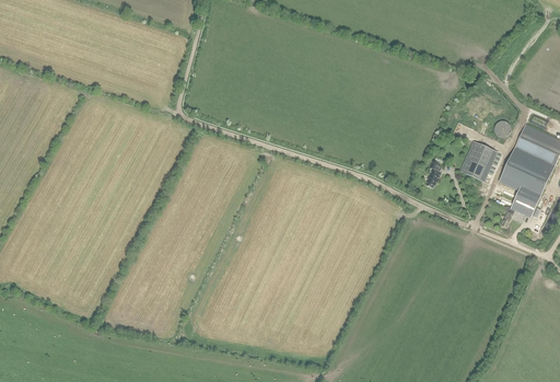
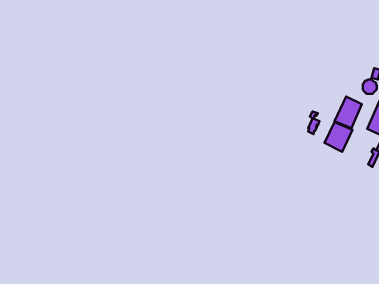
building: none -> [324,122,352,152]

